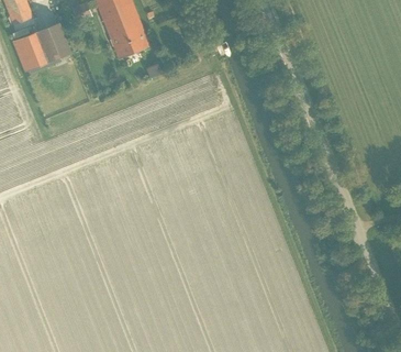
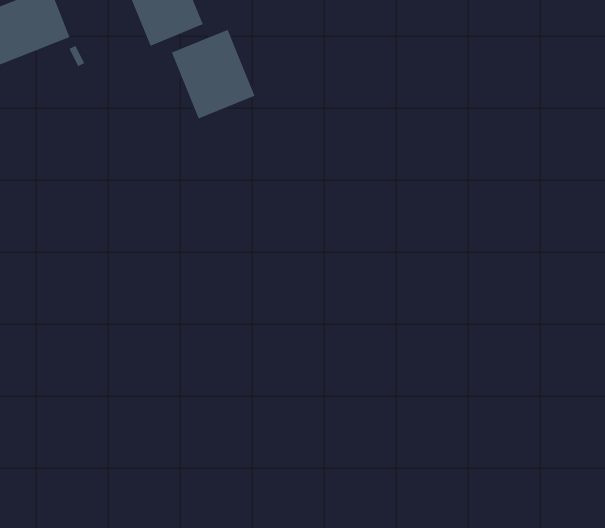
building: none -> [171,29,255,119]

